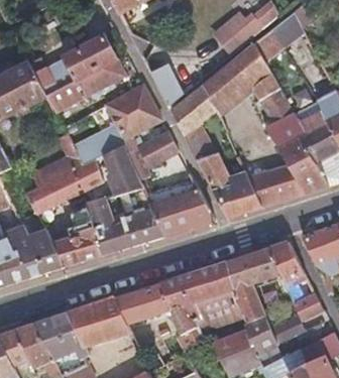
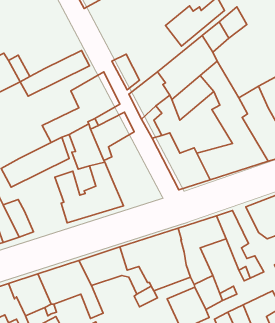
building: [64,35,117,81] -> none
building: [39,135,83,182] -> none
building: [150,190,213,236] -> none
building: [52,204,101,265] -> none

